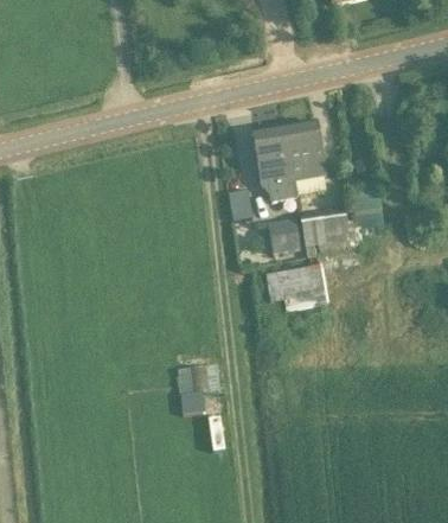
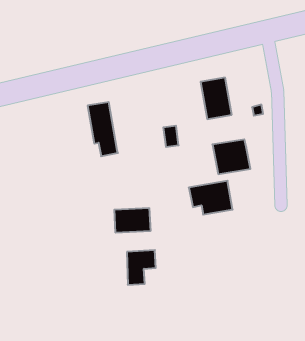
building: [252,127,295,203] -> [88,102,118,156]
building: [268,218,301,255] -> none
building: none -> [114,208,150,233]

